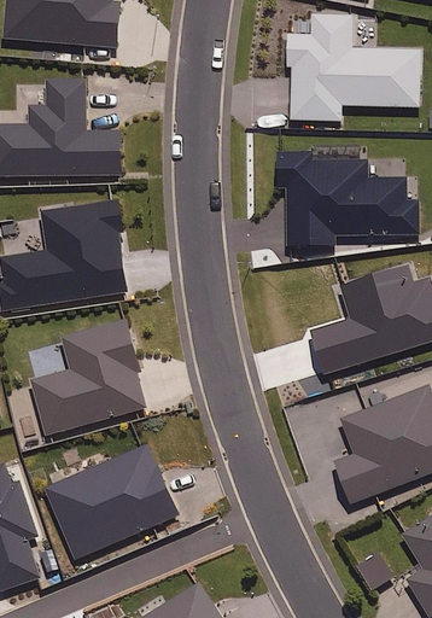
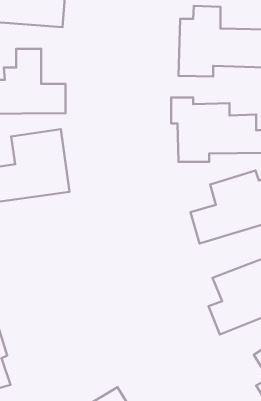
building: [31,321,146,433] -> none
building: [43,444,176,560] -> none

